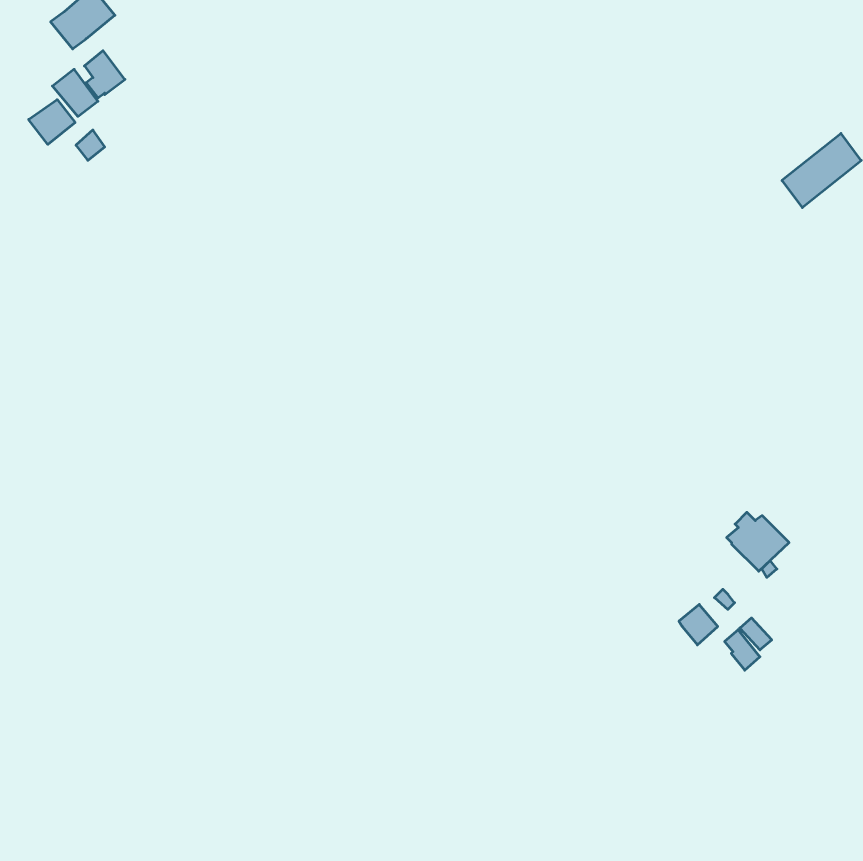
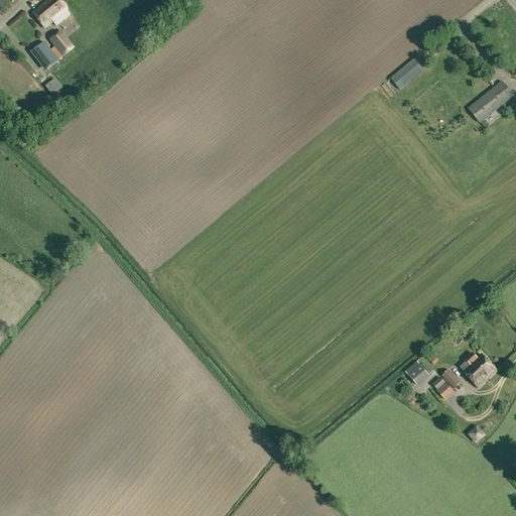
building: none -> [390,55,426,90]
building: [29,100,75,144] -> none
building: [727,512,789,571] -> [460,352,497,387]

